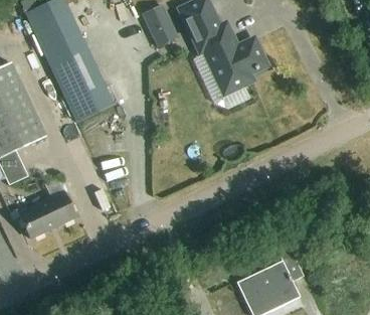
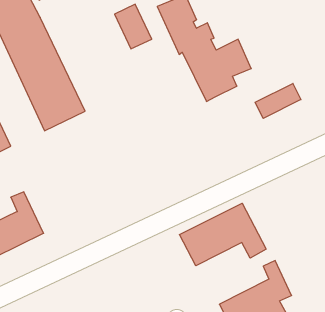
building: none -> [255,83,301,118]
building: none -> [179,203,266,266]

